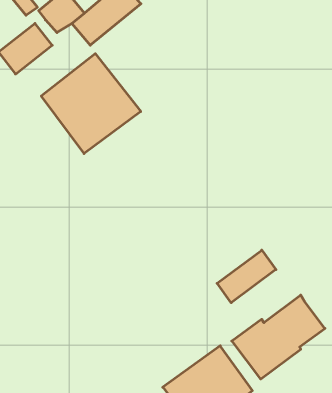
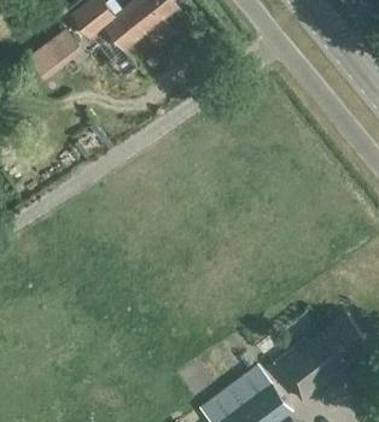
building: [41,54,141,154] -> none
building: [217,250,276,303] -> none

